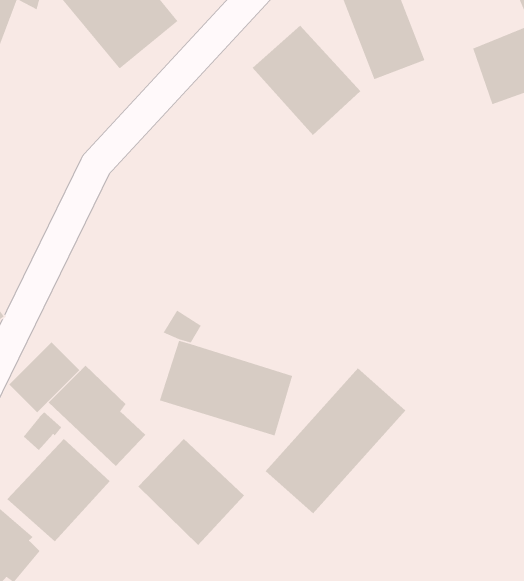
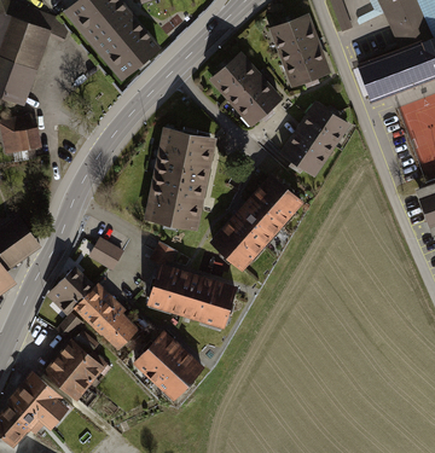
building: none -> [279,101,352,180]
building: none -> [143,127,216,228]
building: none -> [87,238,122,269]
building: [265,367,406,514] -> [209,172,304,271]

